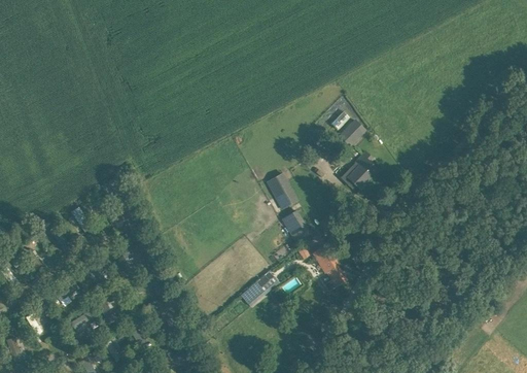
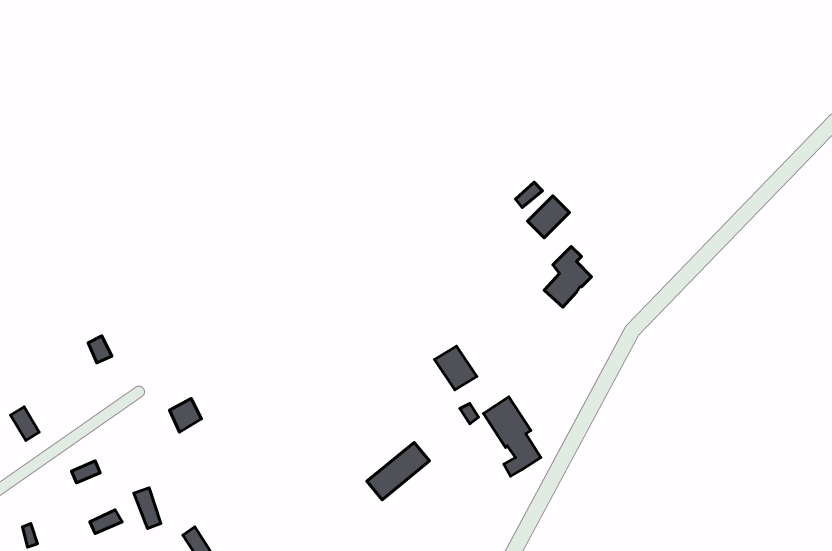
building: [267,173,297,208] -> none

